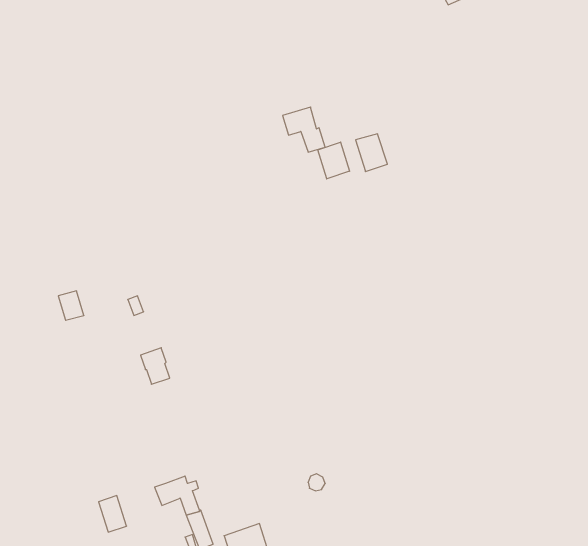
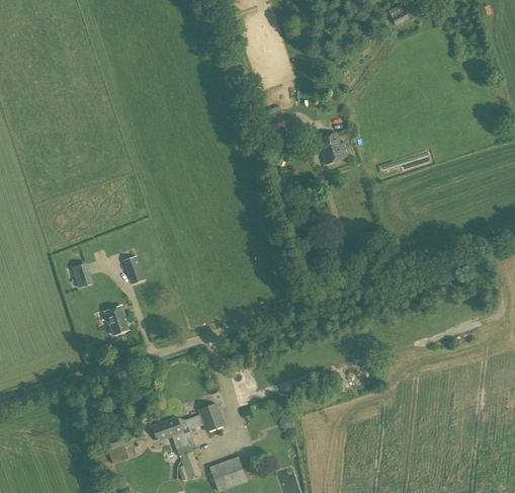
building: [318,142,350,179] -> none
building: [141,348,170,384] -> [103,305,127,335]
building: none -> [185,403,224,430]

